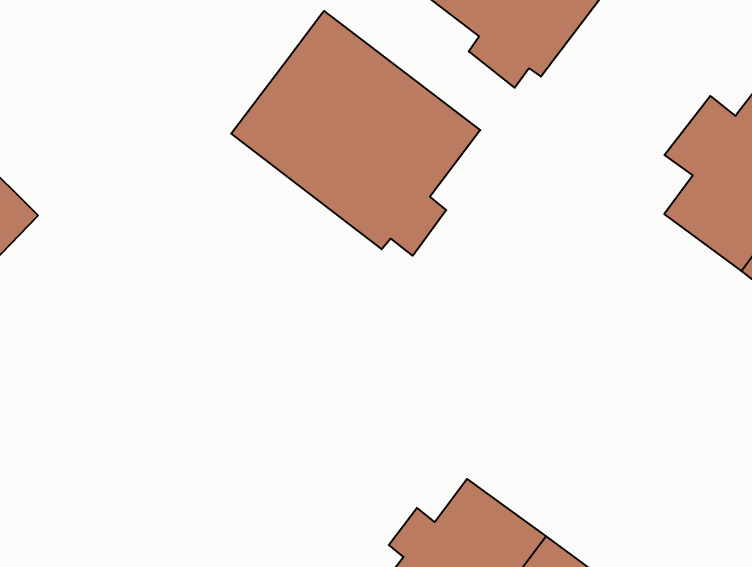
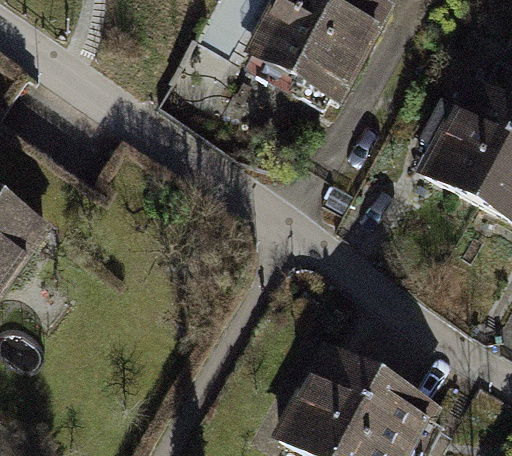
building: [231,11,480,256] -> none

